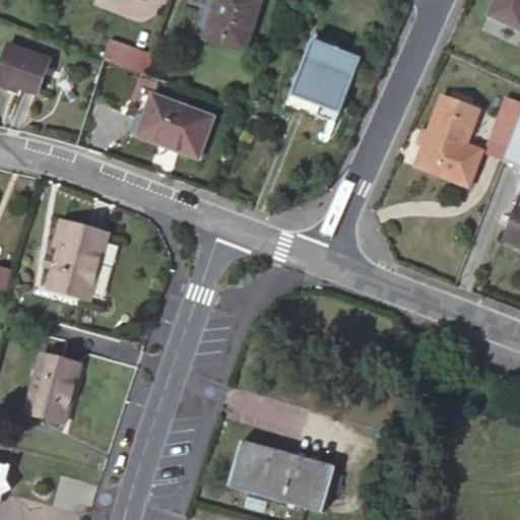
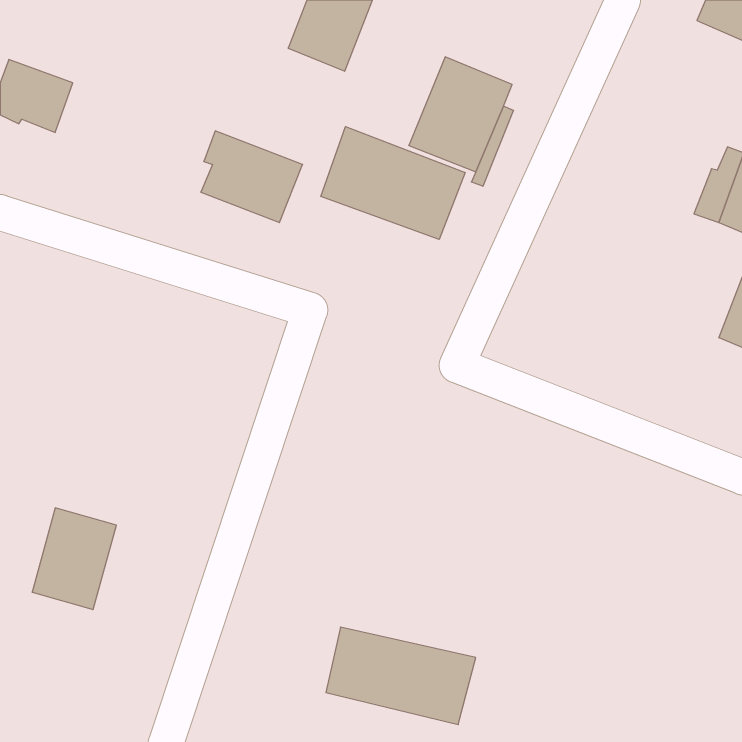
building: [103,37,150,70] -> none
building: none -> [321,127,465,239]
building: [413,92,480,184] -> none
building: [40,222,100,300] -> none

